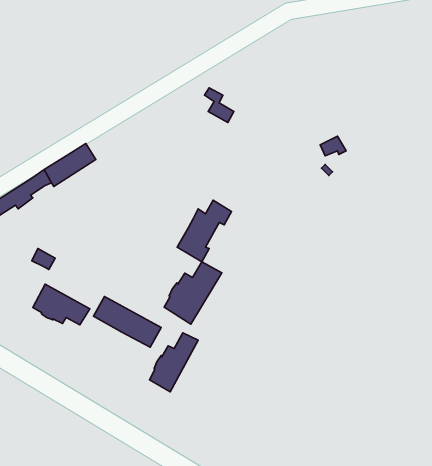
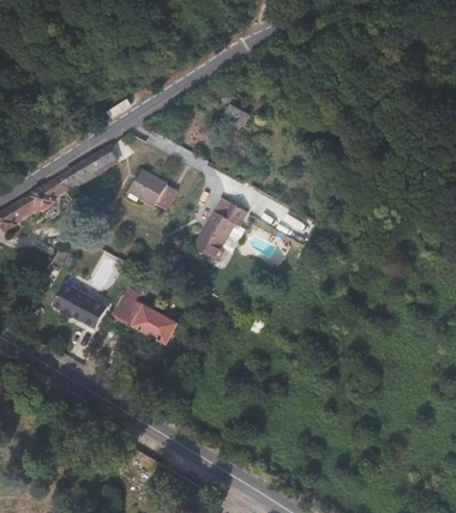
building: none -> [131,170,176,210]
building: [164,262,222,324] -> none
building: [149,333,198,392] -> none

